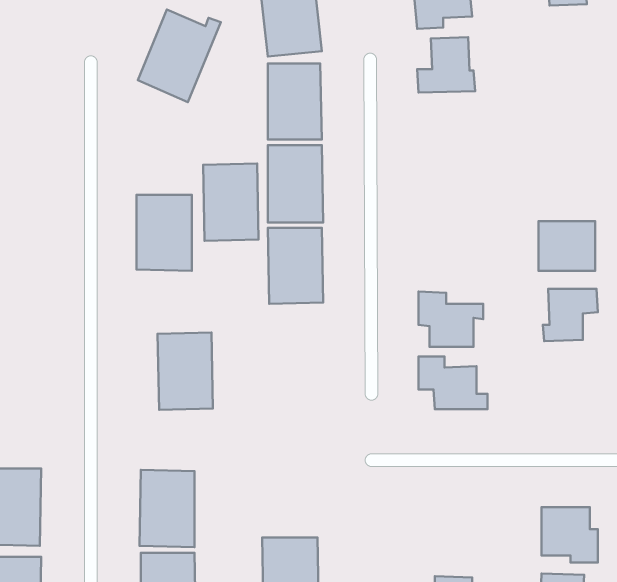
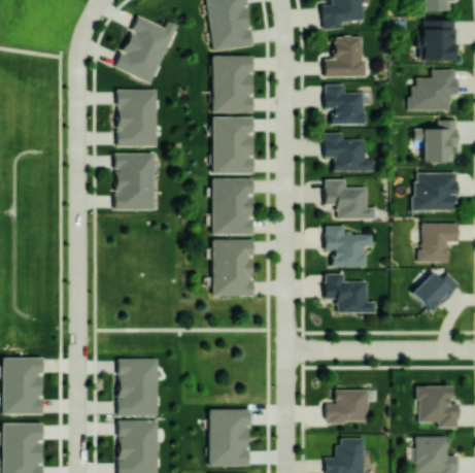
building: none -> [421,21,456,61]
building: none -> [409,70,457,111]
building: none -> [325,85,366,125]
building: none -> [423,121,457,162]
building: [203,163,258,241] -> [116,90,158,147]
building: none -> [325,134,375,171]
building: none -> [325,179,375,219]
building: [158,332,213,410] -> [212,239,253,297]
building: none -> [412,271,459,312]
building: none -> [326,390,368,423]

